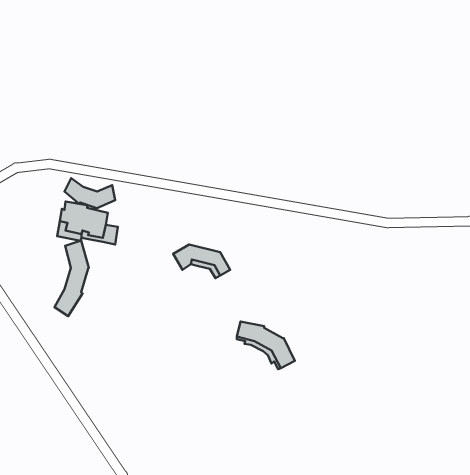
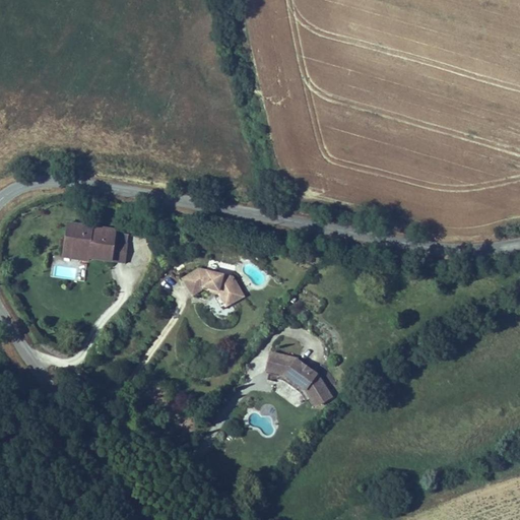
building: [64,178,115,208] -> none
building: [54,241,89,316] -> none

